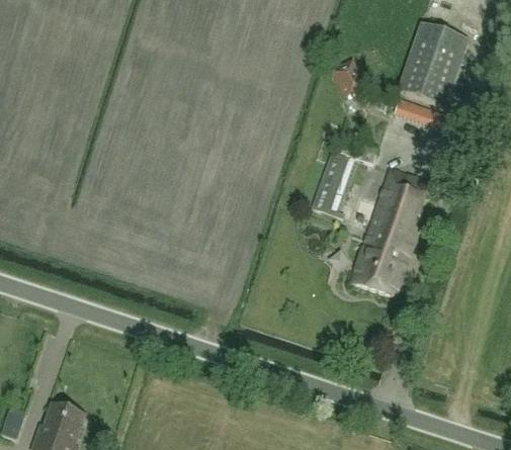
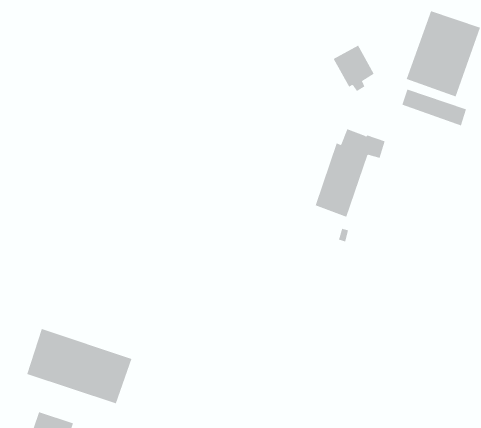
building: [350,169,433,296] -> none
building: none -> [26,328,132,404]

